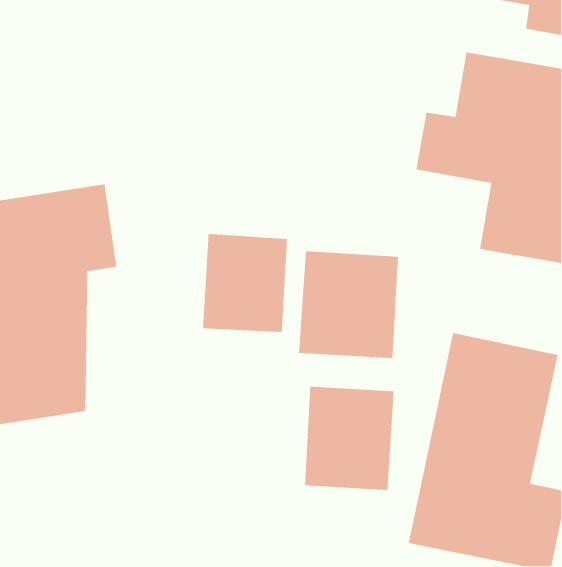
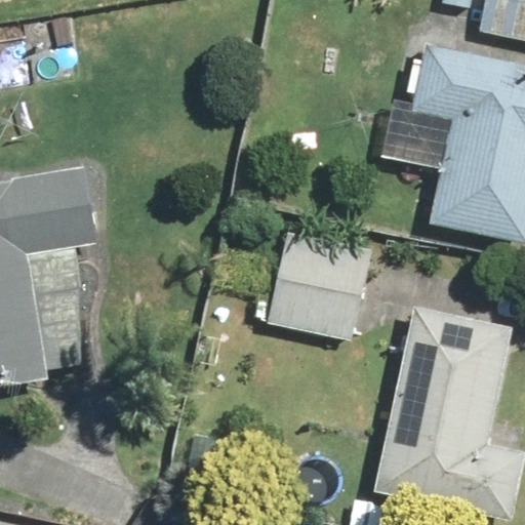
building: [202,233,288,333] -> none
building: [304,386,395,491] -> none

